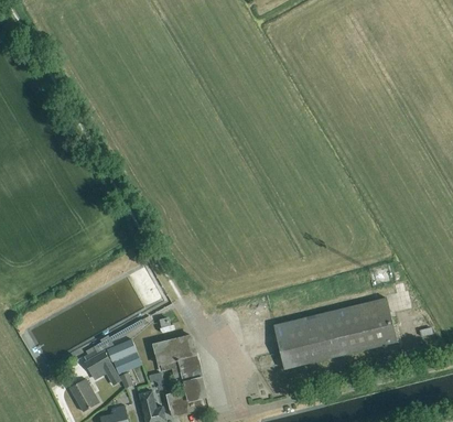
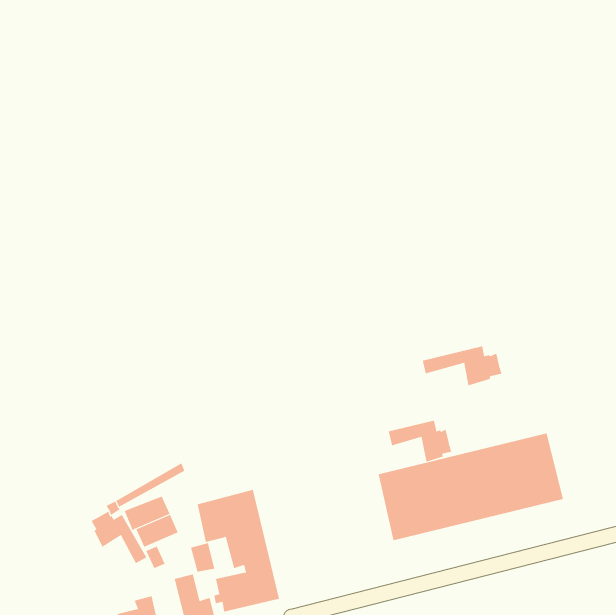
building: none -> [422,346,502,386]
building: none -> [388,420,452,462]
building: [69,378,98,410] -> none

